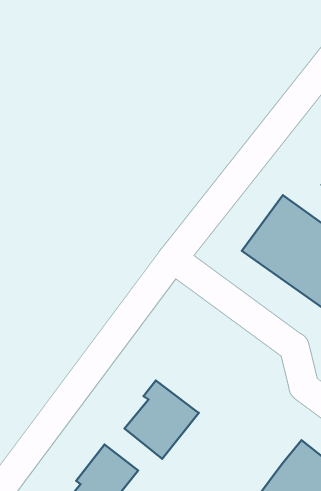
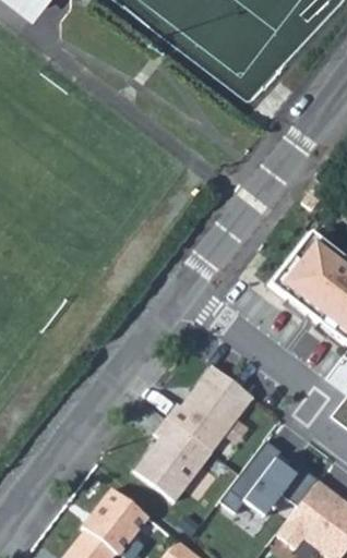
building: none -> [169,367,252,451]
building: none -> [215,438,321,518]

